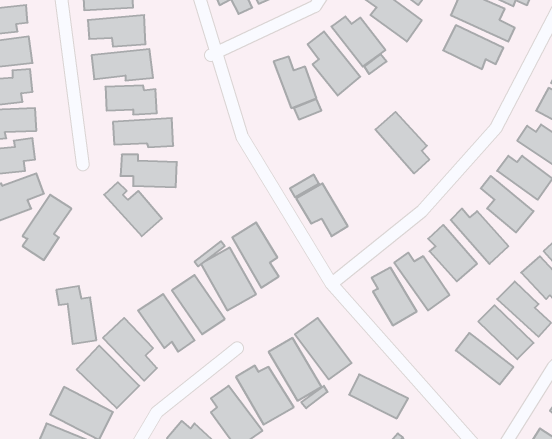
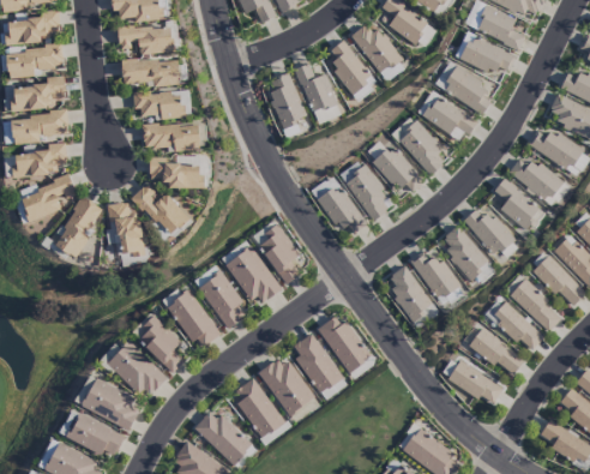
building: none -> [435,61,492,115]
building: none -> [271,72,306,137]
building: none -> [417,90,477,143]
building: none -> [368,140,426,193]
building: none -> [341,160,395,221]
building: [56,286,96,344] -> [107,202,145,257]
building: [349,374,408,418] -> [448,362,505,404]

